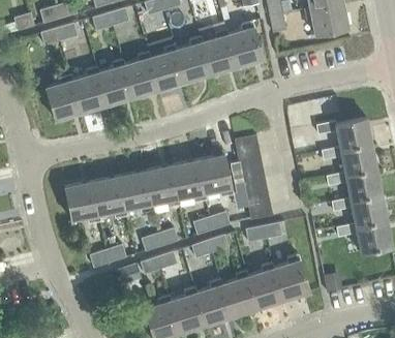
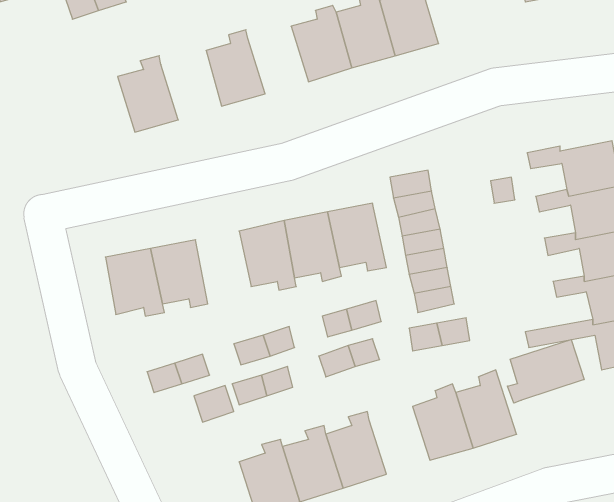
building: [150,44,186,90] -> none
building: [98,60,134,105] -> none
building: [45,74,83,121] -> none
building: [119,172,153,212] -> none
building: none -> [507,340,584,403]
building: [222,271,259,316] -> none

